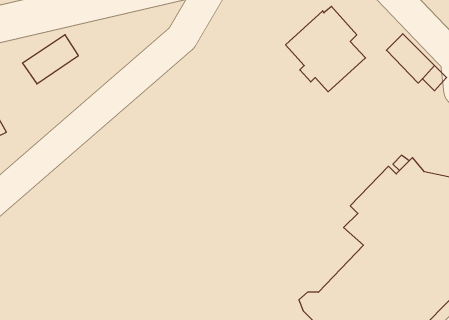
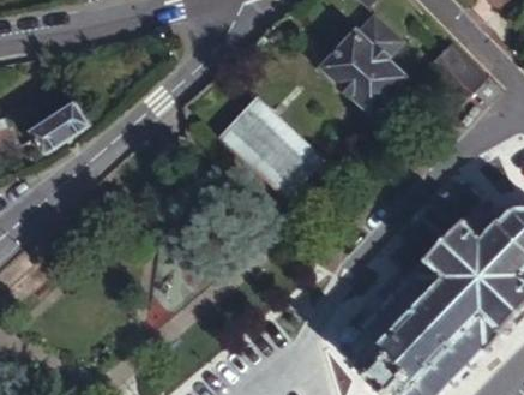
building: [22,35,78,84] -> [24,102,85,156]
building: none -> [218,80,319,185]

